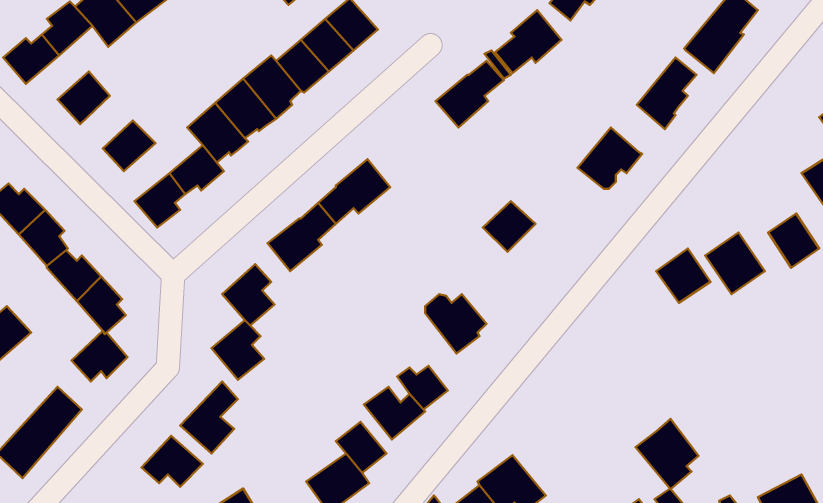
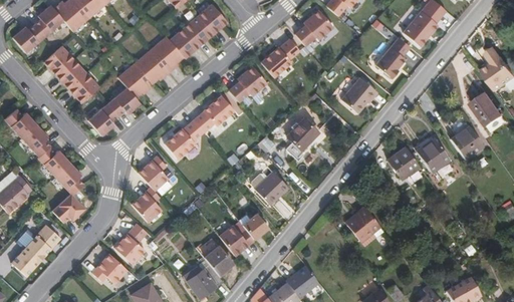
building: none -> [57,59,87,89]
building: none -> [229,66,267,102]
building: [636,419,699,489] -> [344,206,380,246]

